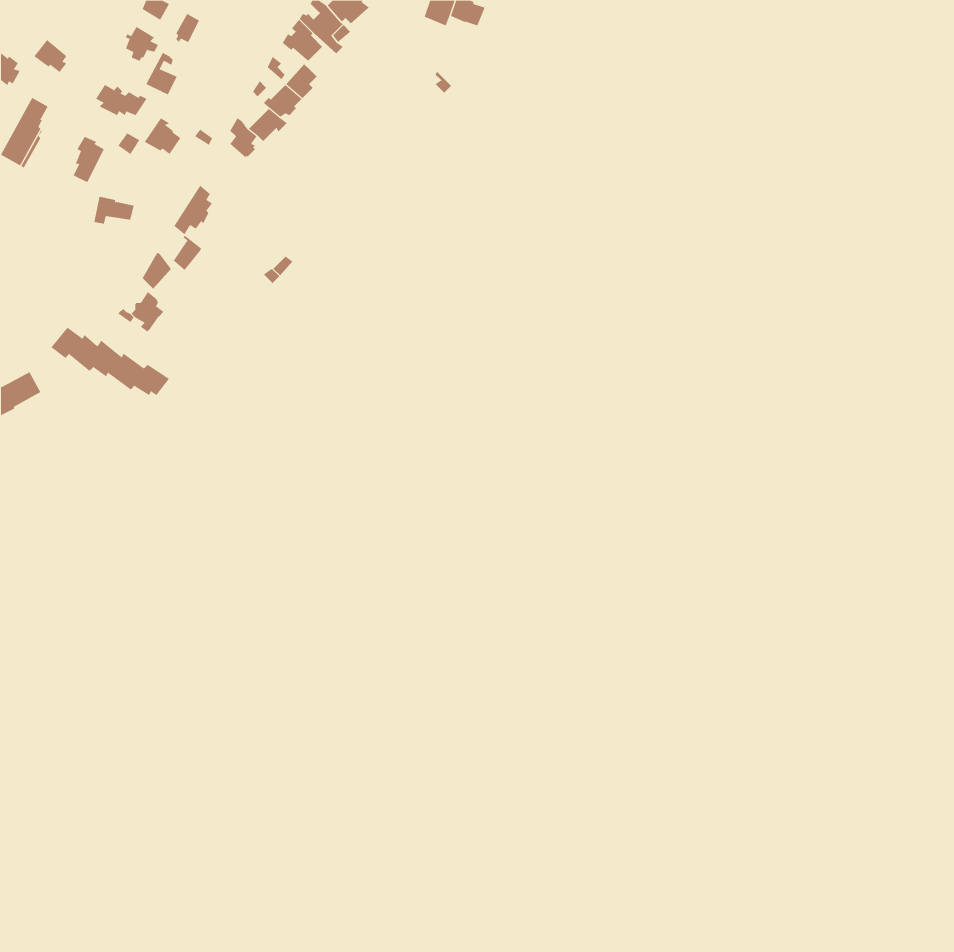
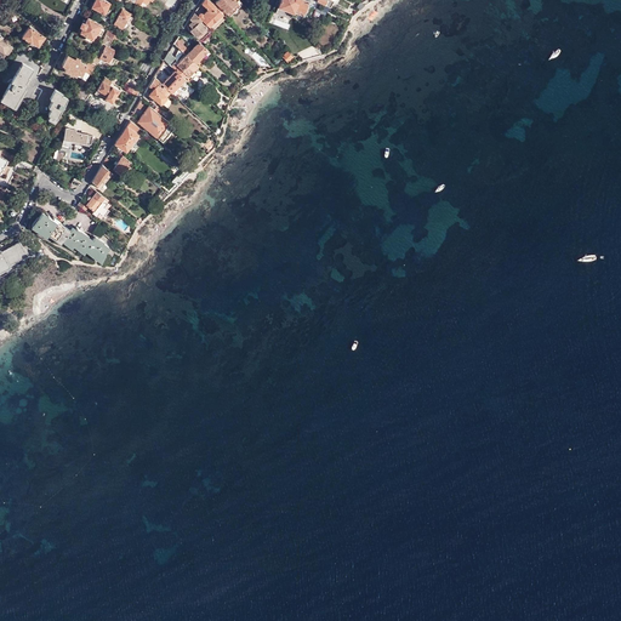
building: none -> [138,107,175,143]

